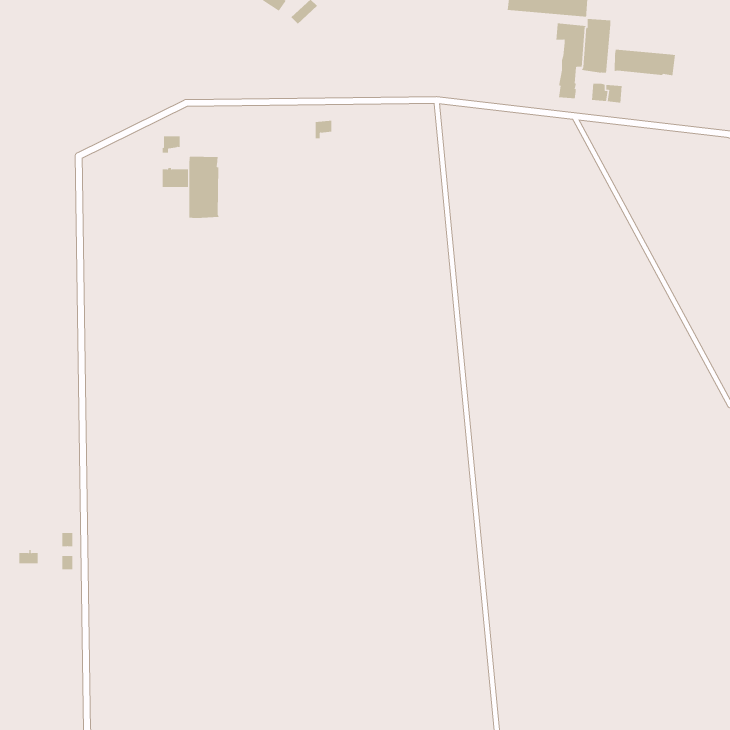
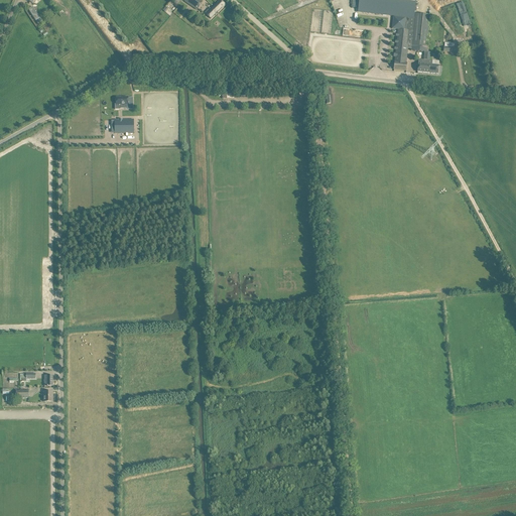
building: [614,49,675,76] -> none
building: [189,156,220,219] -> none

